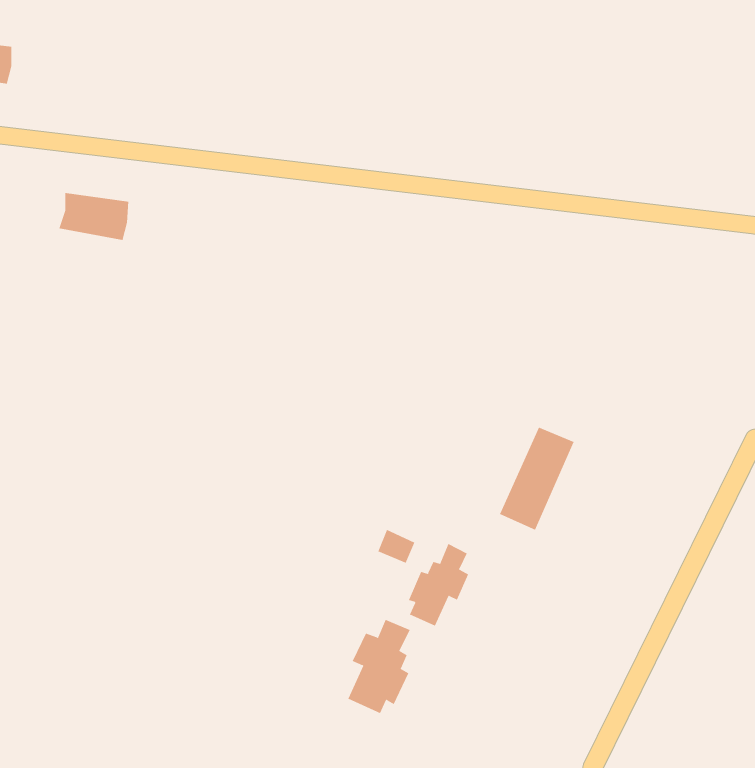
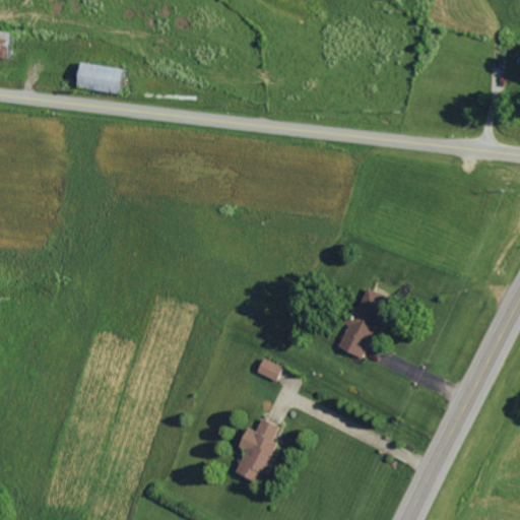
building: [59,192,129,241] -> [72,61,120,93]
building: [408,543,469,627] -> none

